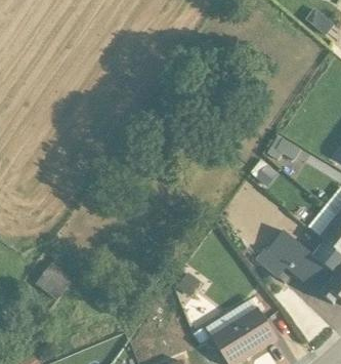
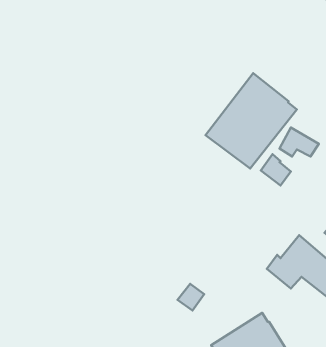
building: none -> [206,73,297,169]
building: [39,259,73,291] -> none

